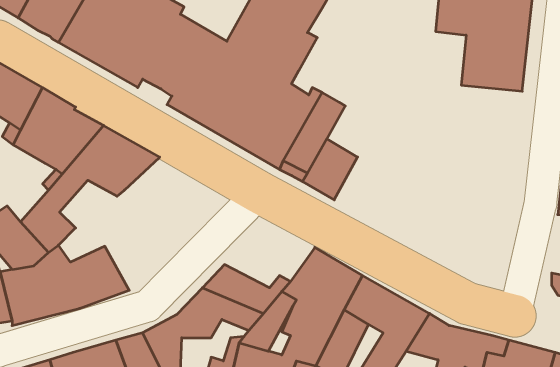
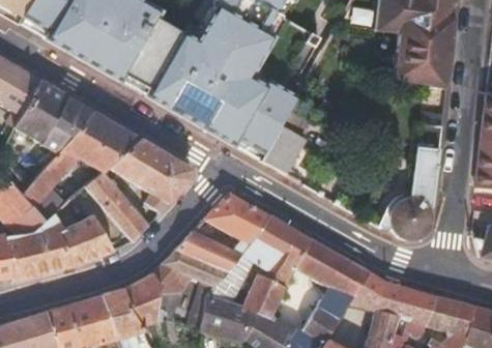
building: none -> [389,122,442,239]
building: none -> [110,139,192,213]
building: none -> [85,172,149,242]
building: none -> [205,192,271,244]

